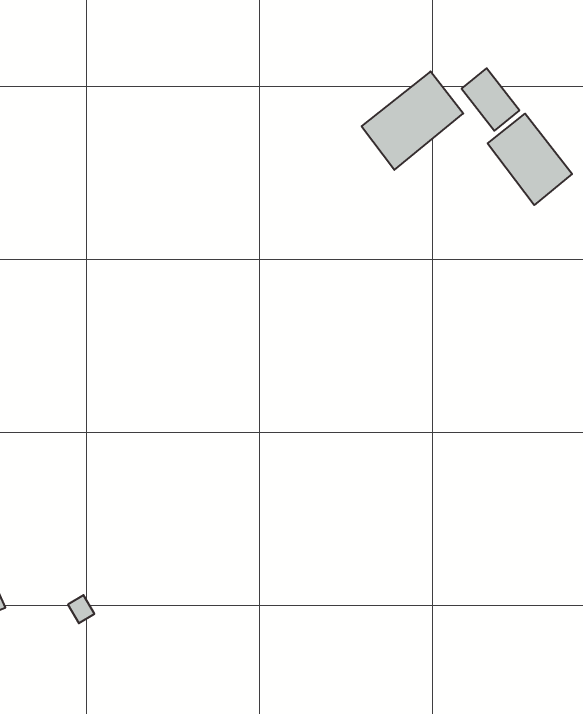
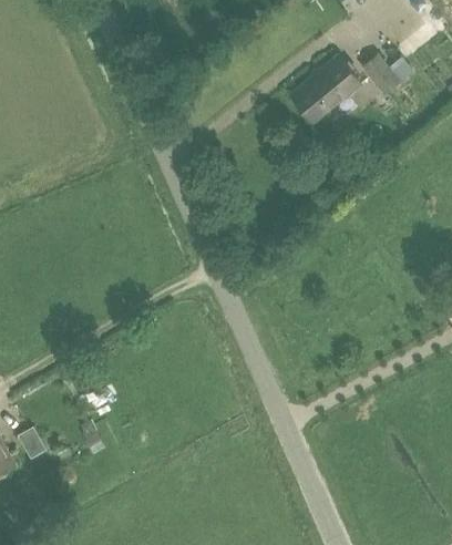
building: [488,114,572,205] -> none

